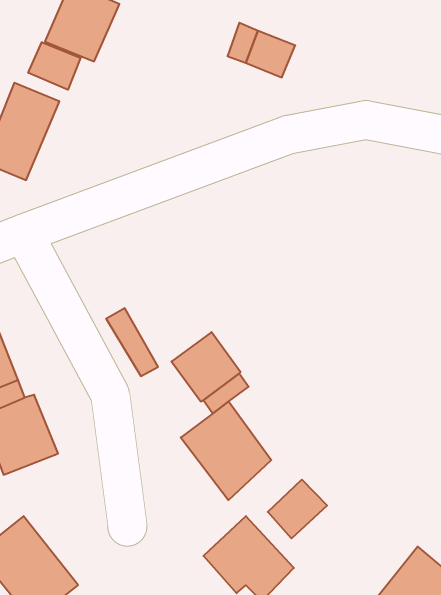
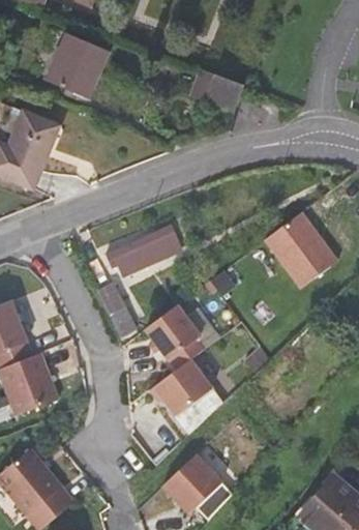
building: [28,42,81,90] -> none
building: none -> [268,212,340,288]
building: none -> [103,229,178,277]
building: [268,480,327,538] -> none

